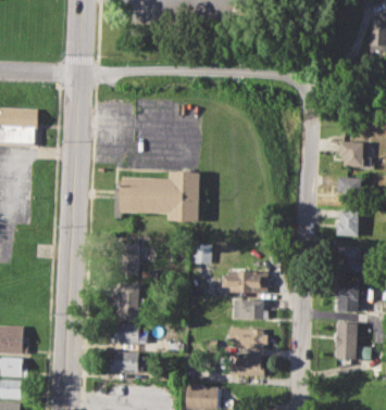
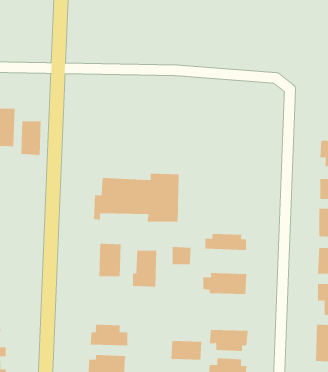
building: none -> [21,120,41,156]
building: none -> [205,233,247,251]
building: [115,283,140,320] -> [132,250,157,287]
building: [232,300,263,320] -> [170,340,202,360]

